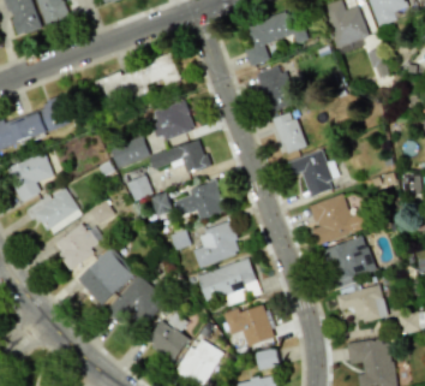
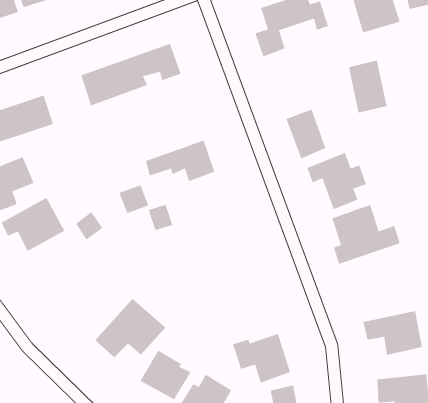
building: [259,65,293,111] -> [348,60,387,113]
building: [152,100,194,139] -> none
building: [110,136,151,167] -> none
building: [175,179,226,219] -> none
building: [53,222,104,269] -> none
building: [194,222,240,266] -> none
building: [323,234,377,284] -> none
building: [77,247,136,304] -> none
building: [198,259,261,304] -> none

